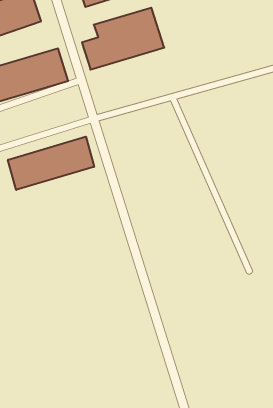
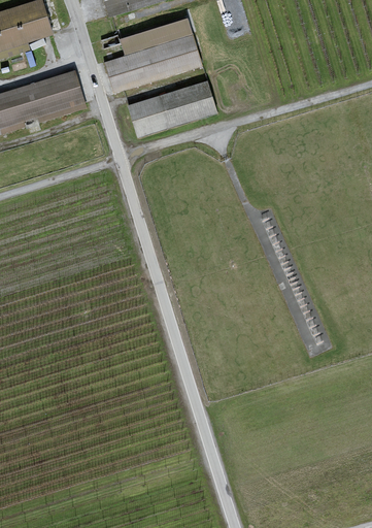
building: none -> [127,80,217,137]
building: [8,137,94,190] -> none

